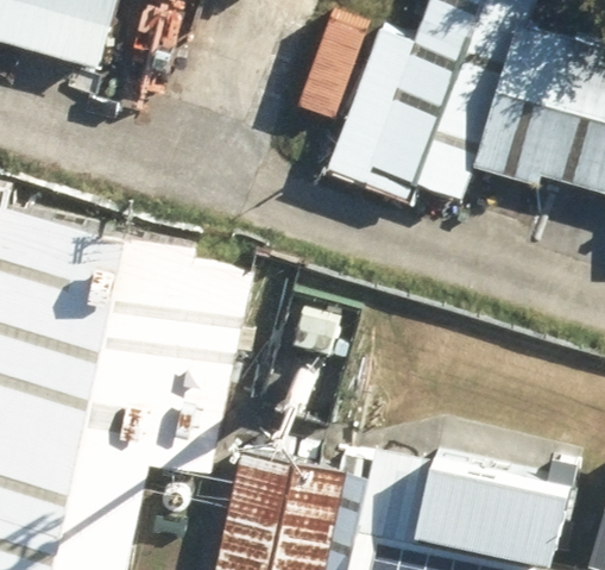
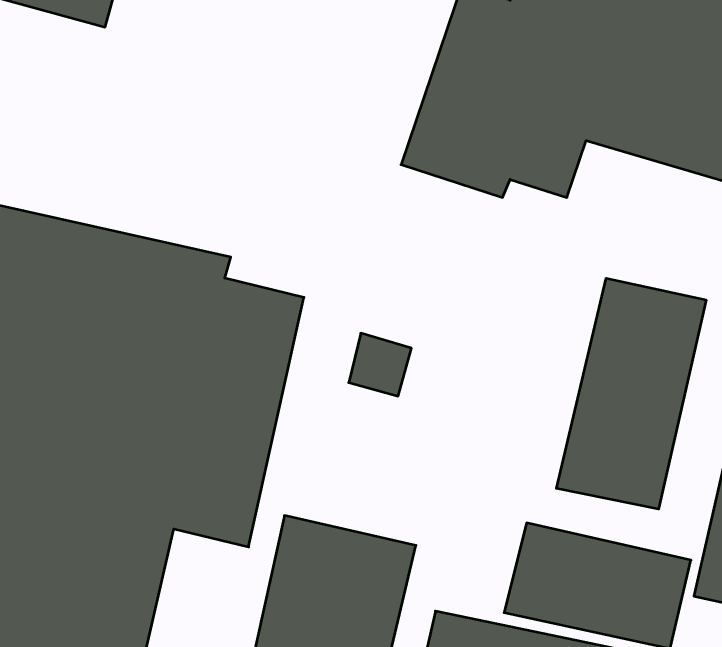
building: none -> [556,278,706,509]

